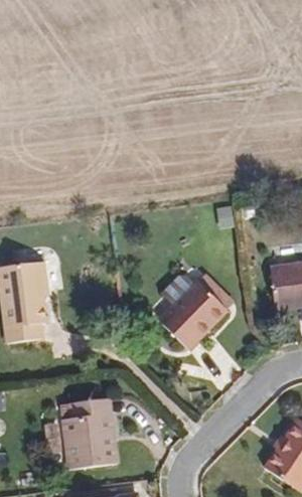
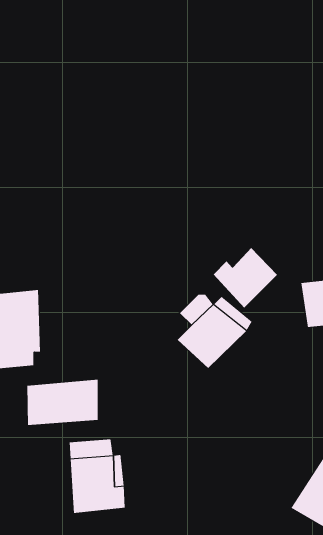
building: none -> [213,247,278,309]
building: none -> [27,379,98,426]

